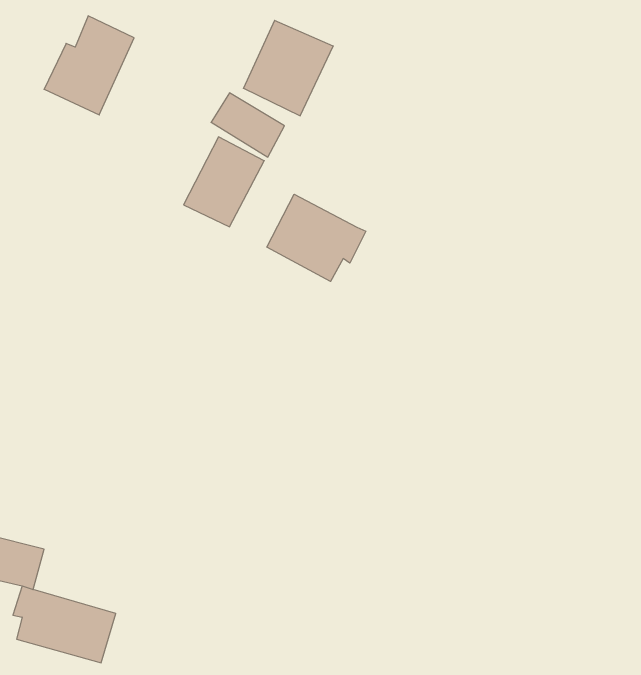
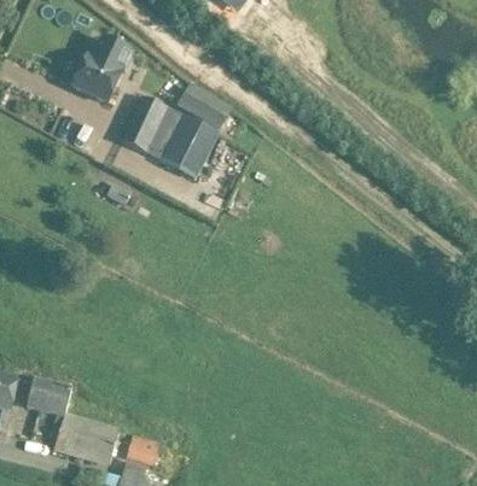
building: [243,20,333,116] -> [121,95,180,158]
building: [267,194,366,281] -> none
building: none -> [124,433,161,464]

